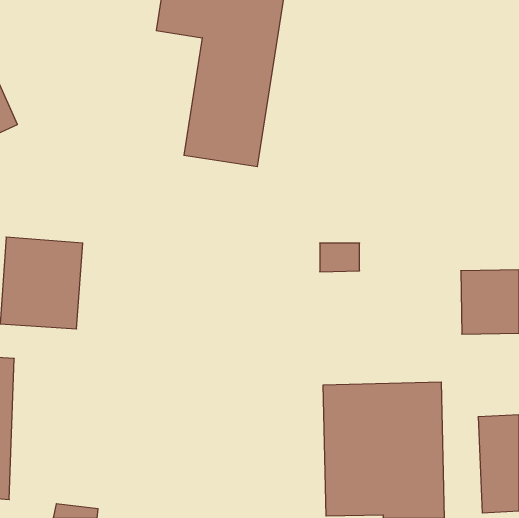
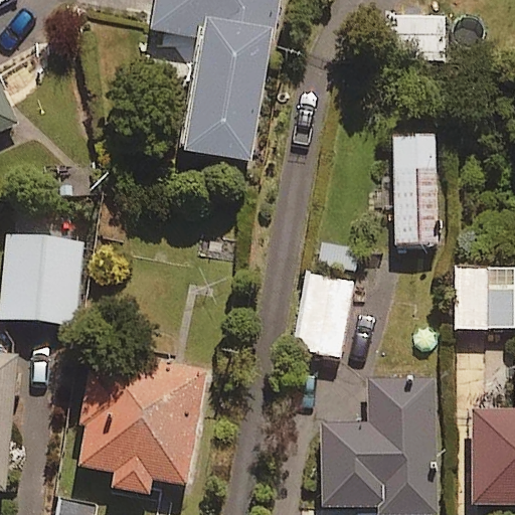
building: none -> [392,135,439,243]
building: none -> [299,276,351,357]
building: none -> [75,352,206,496]

